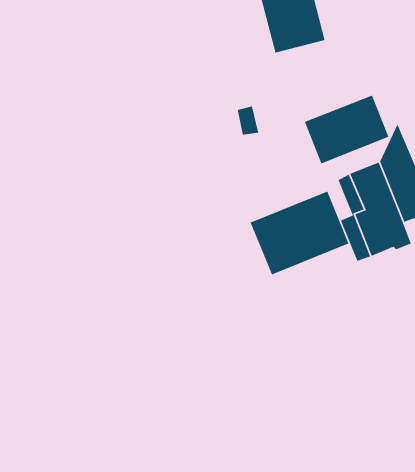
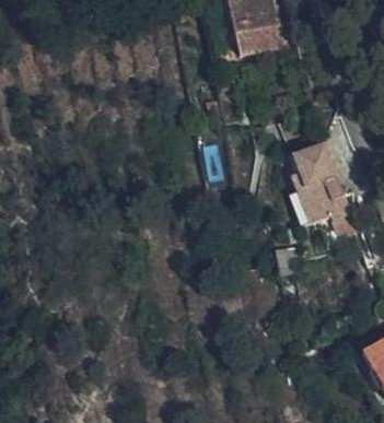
building: [304,95,390,164] -> none
building: [249,190,350,276] -> none

